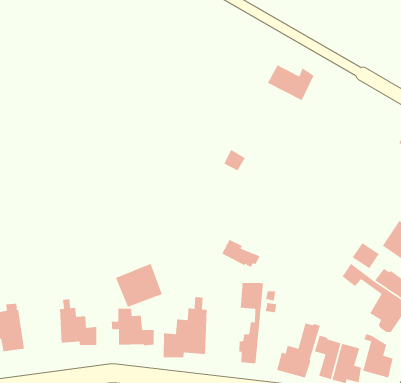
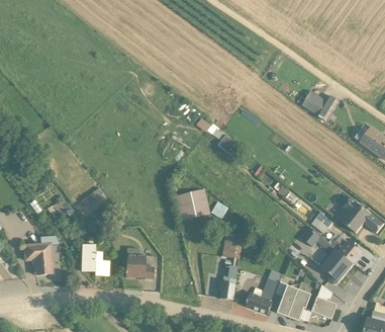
building: [267,64,314,101] -> [302,91,340,121]
building: [115,263,163,308] -> [174,184,210,218]
building: [163,296,207,358] -> none

